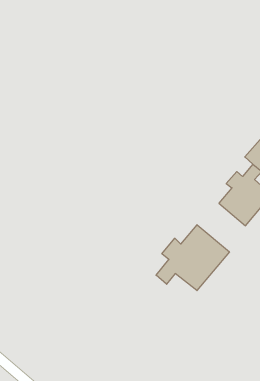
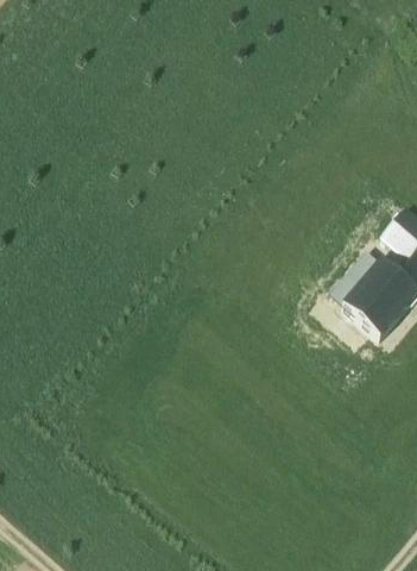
building: [156,225,229,291] -> none

